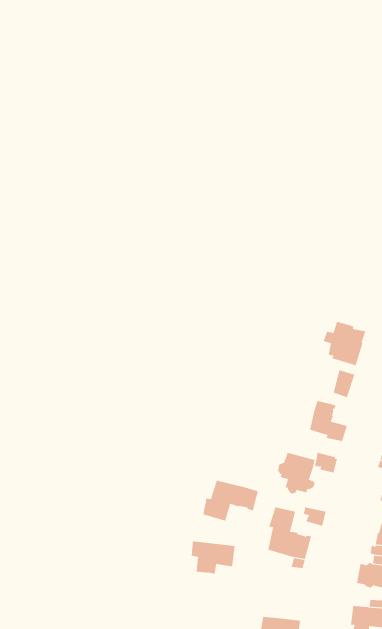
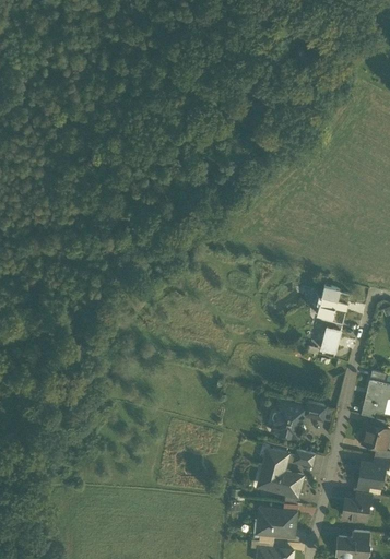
building: [309,400,347,442] -> none
building: [203,480,258,521] -> none
building: [191,541,235,574] -> [257,507,296,536]

